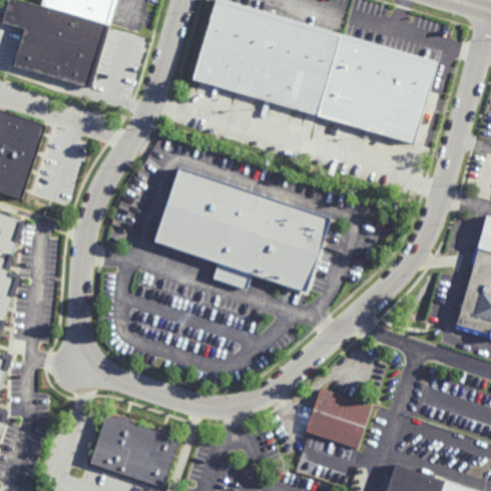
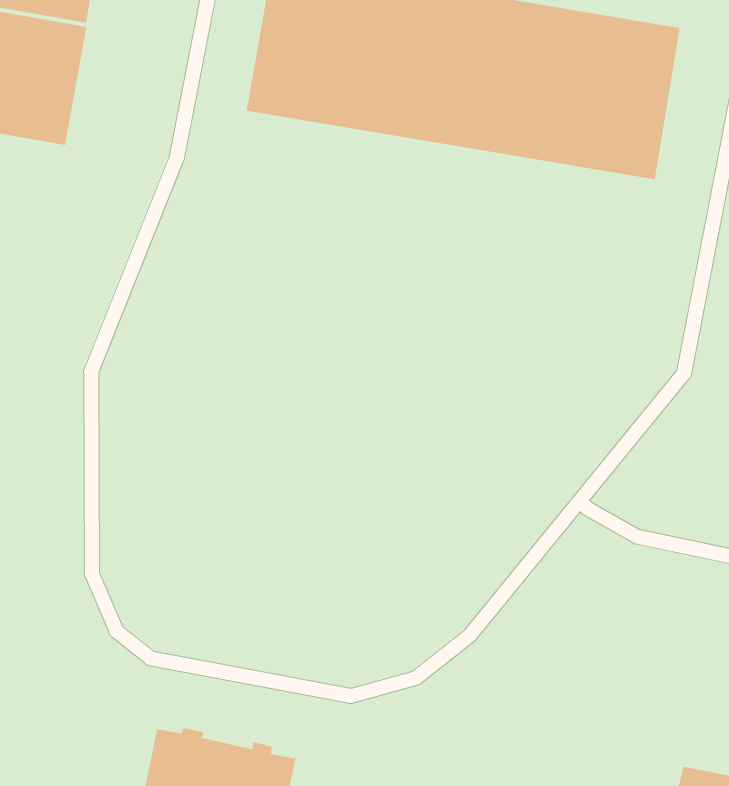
building: [153,168,327,292] -> none
building: [303,389,369,450] -> none

